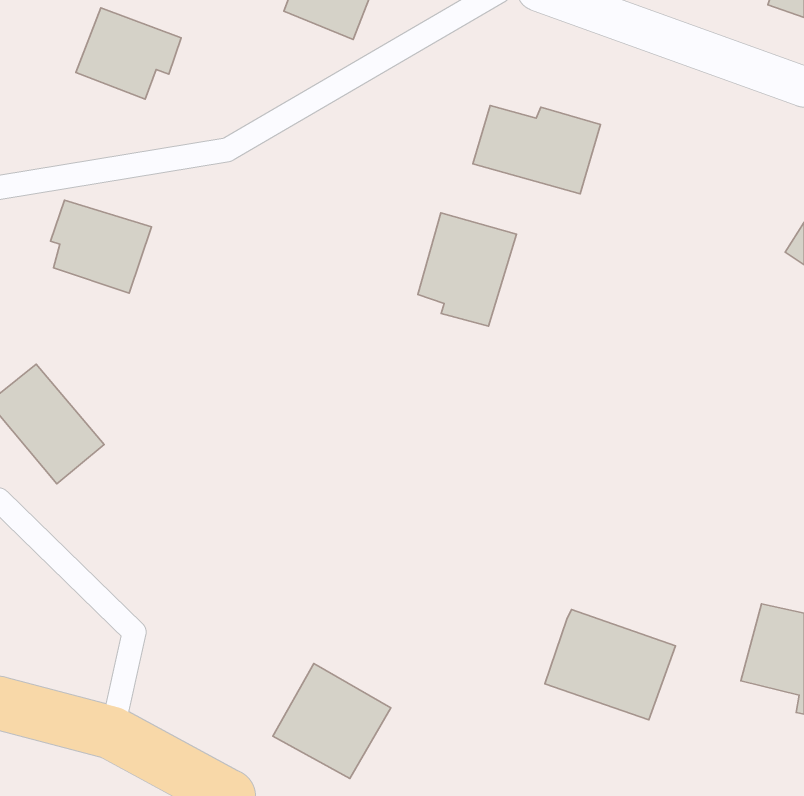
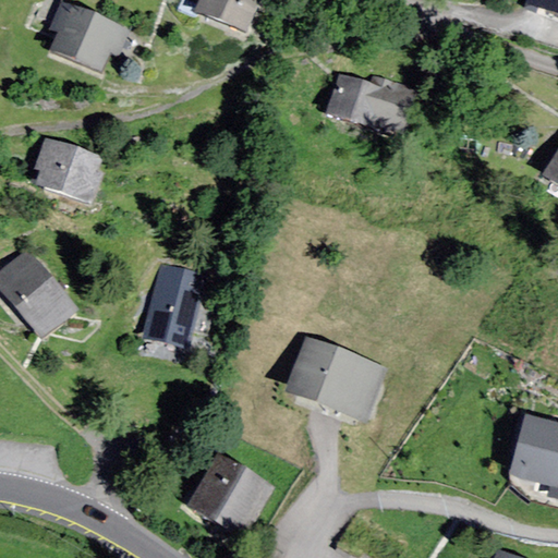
building: [418,213,517,326] -> none
building: none -> [146,263,204,343]
building: [545,610,676,720] -> [290,340,380,416]

